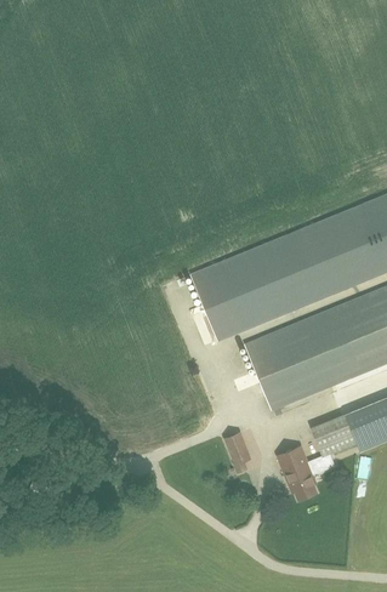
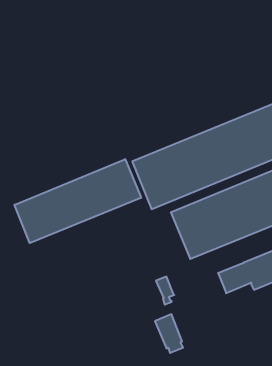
building: none -> [14,159,141,243]
building: [278,446,317,500] -> [155,314,183,353]

